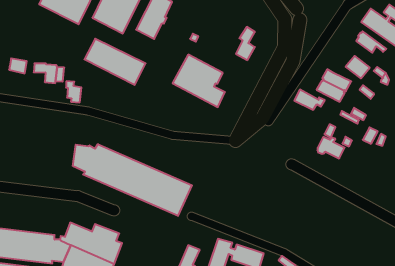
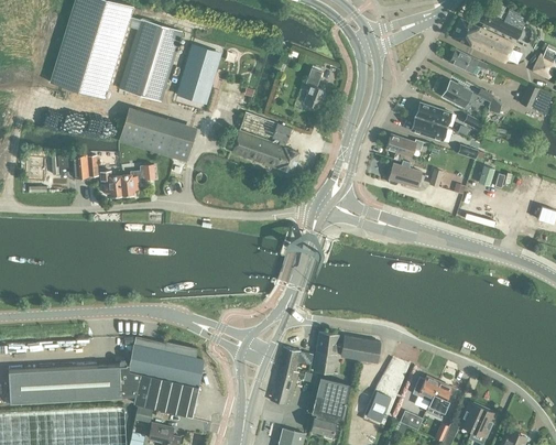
building: none -> [121,165,155,196]
building: [317,137,345,158] -> [389,163,422,187]
building: [73,144,192,216] -> none

